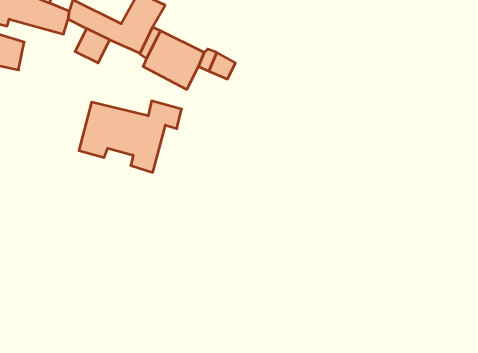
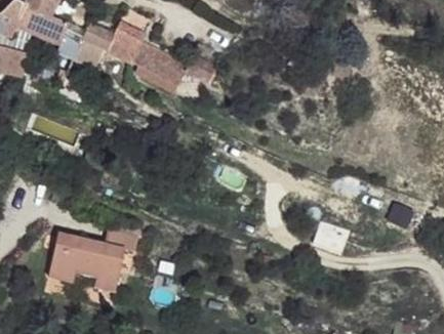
building: [79,101,182,172] -> [45,223,136,287]

